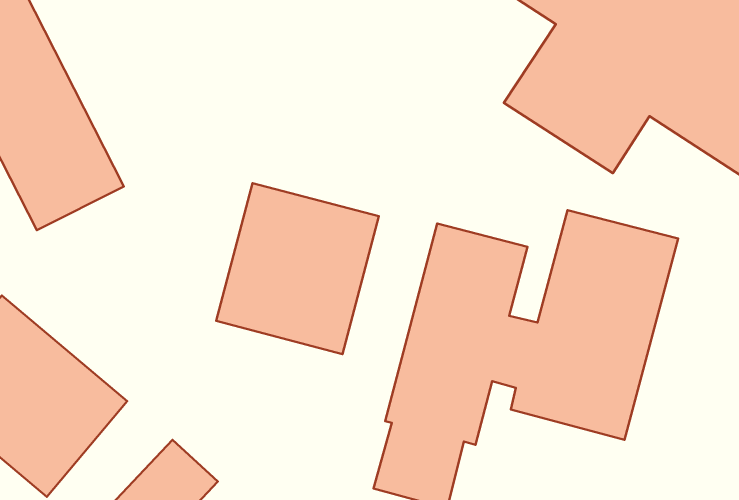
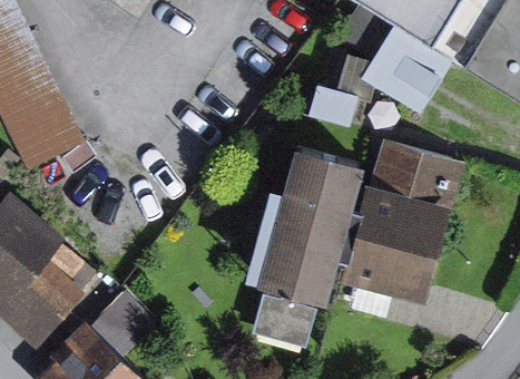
building: [216,183,379,354] -> none

